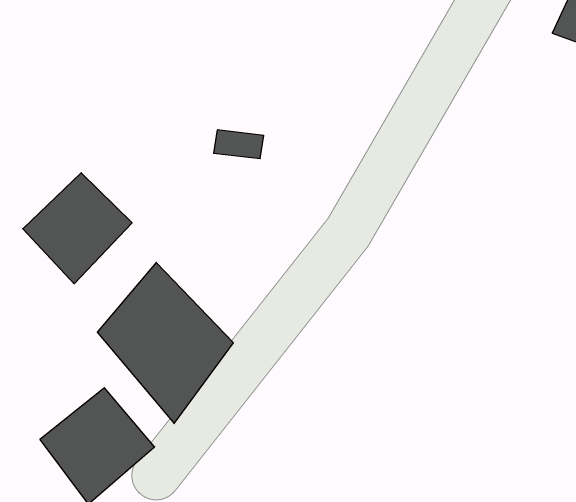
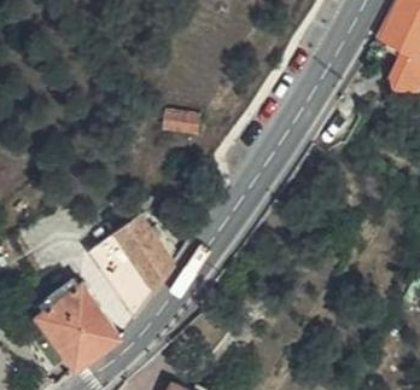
building: [23,173,132,284] -> none

